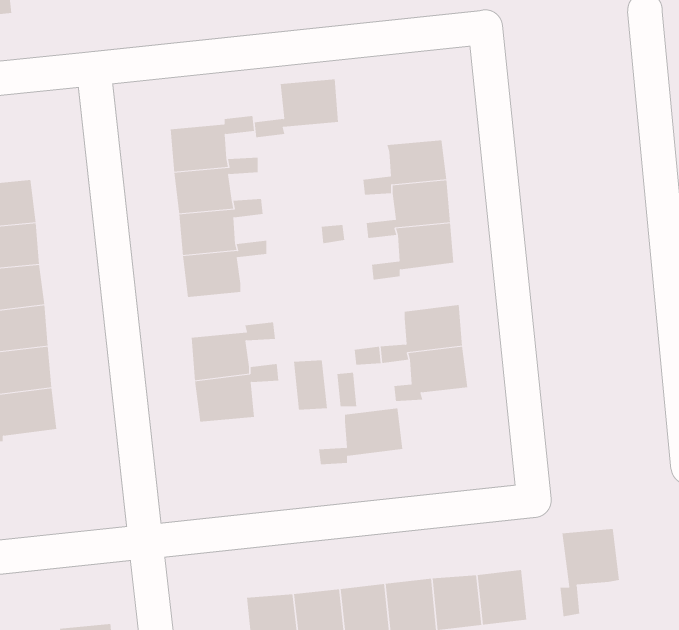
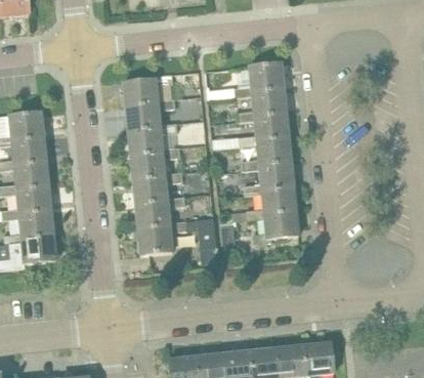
building: [254,79,339,138] -> [234,61,284,96]
building: none -> [133,170,183,204]
building: [318,408,403,465] -> [244,160,294,194]
building: [560,528,619,617] -> none

